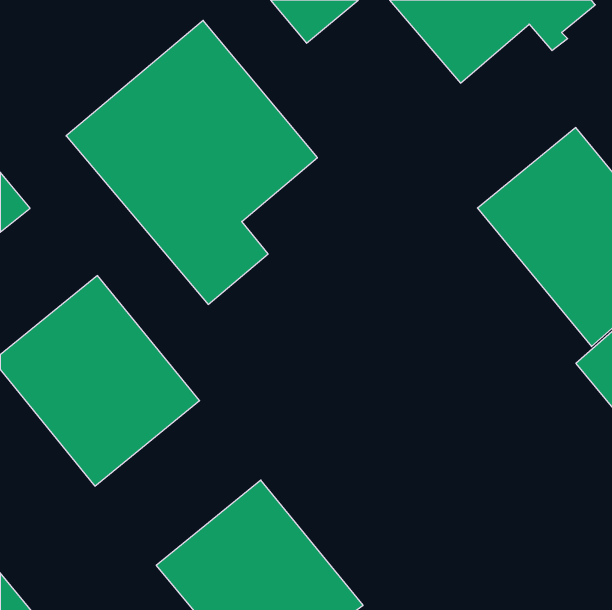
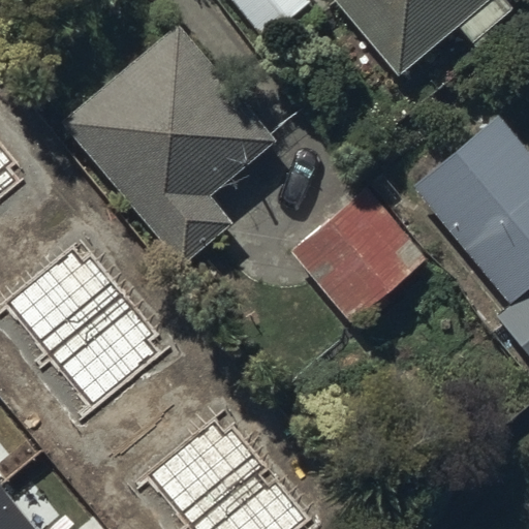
building: none -> [291,187,427,322]

